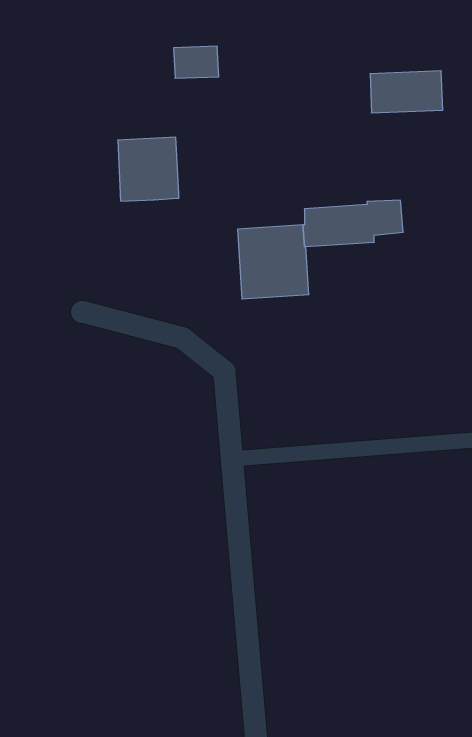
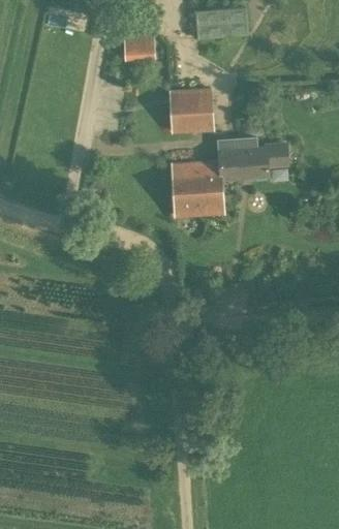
building: [370,71,443,113] -> [197,6,249,36]
building: [118,137,179,201] -> [168,88,212,133]

